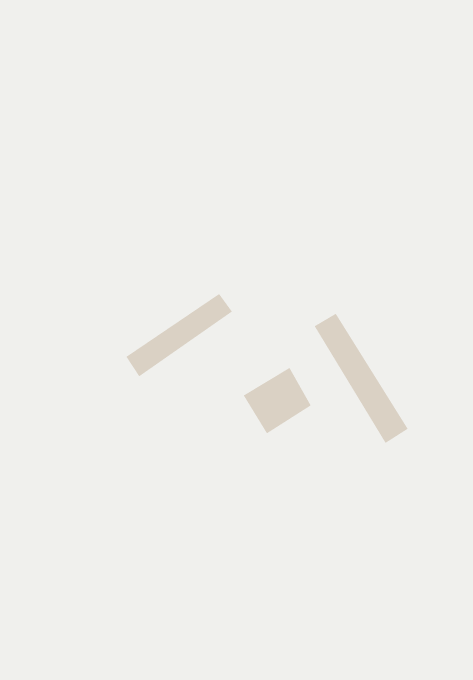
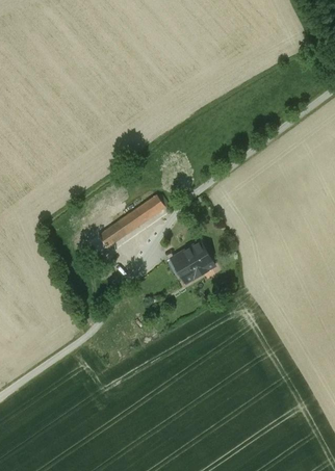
building: [314,313,408,444] -> none

